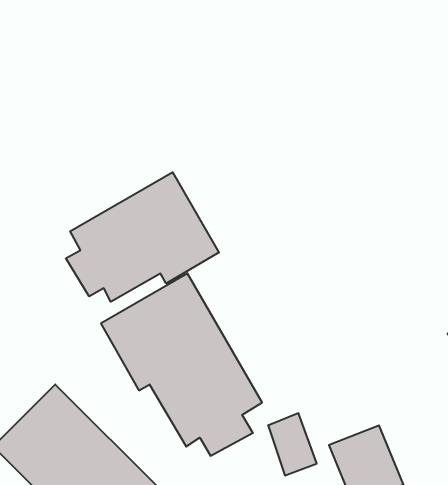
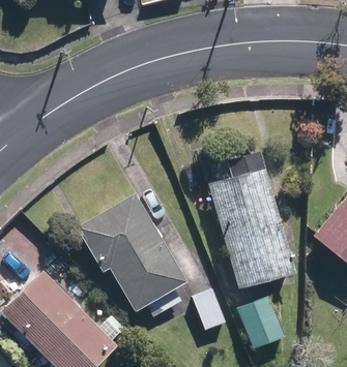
building: [66,172,219,302] -> none
building: none -> [208,151,298,290]

